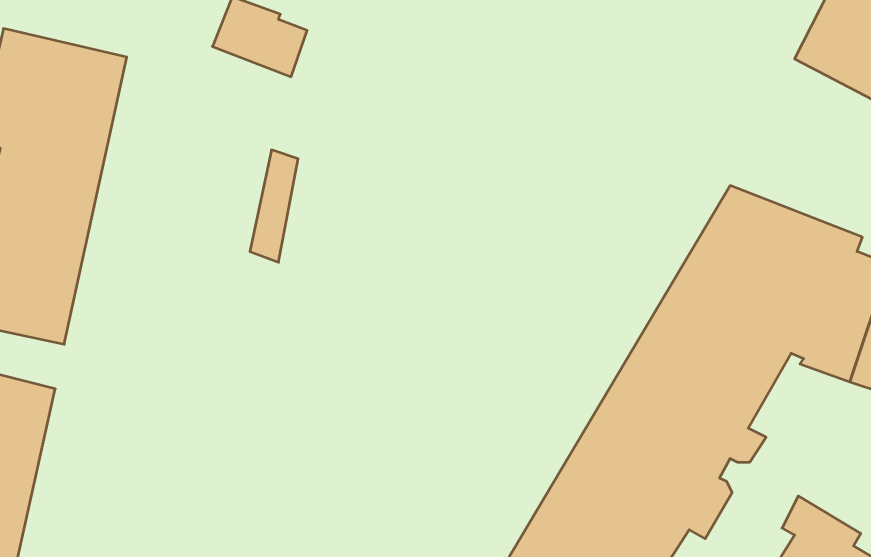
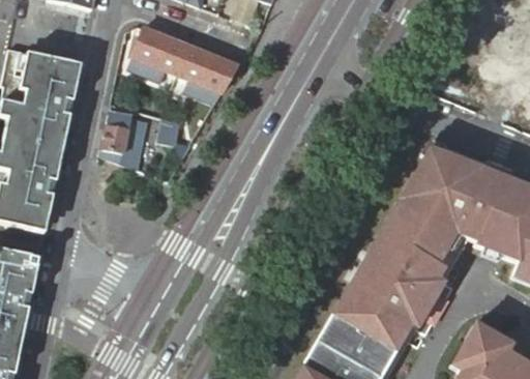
building: none -> [177,49,233,92]
building: none -> [99,111,141,170]

